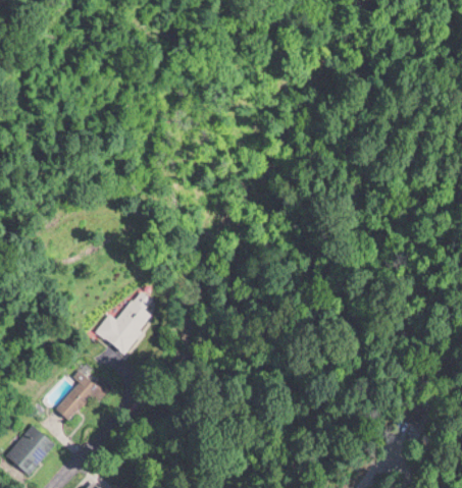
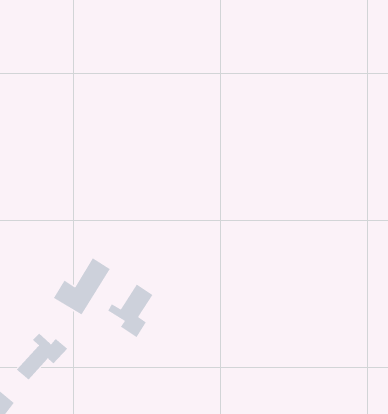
building: none -> [107,283,153,338]

